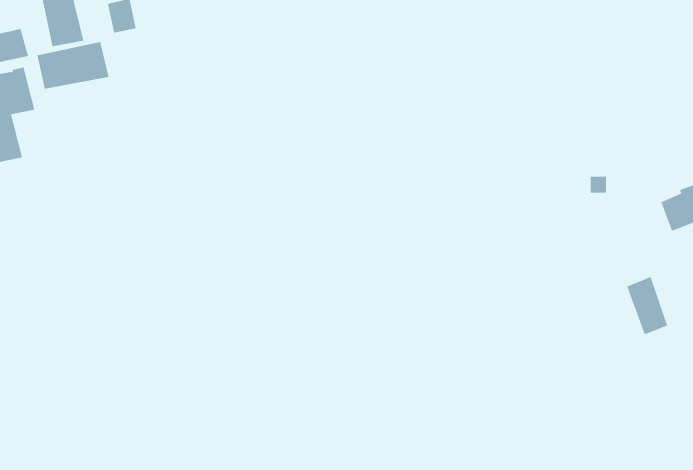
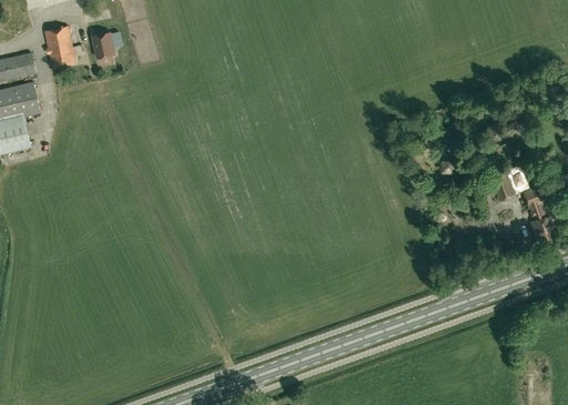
building: [37,41,109,90] -> none
building: [626,276,668,335] -> none

